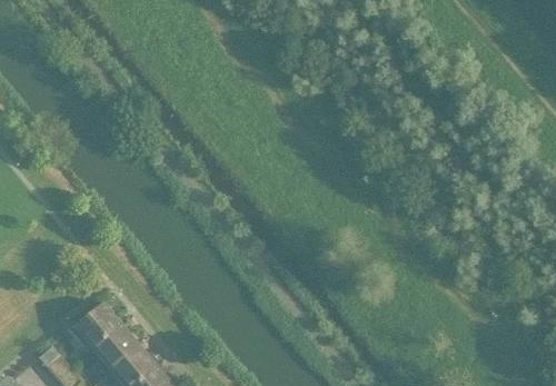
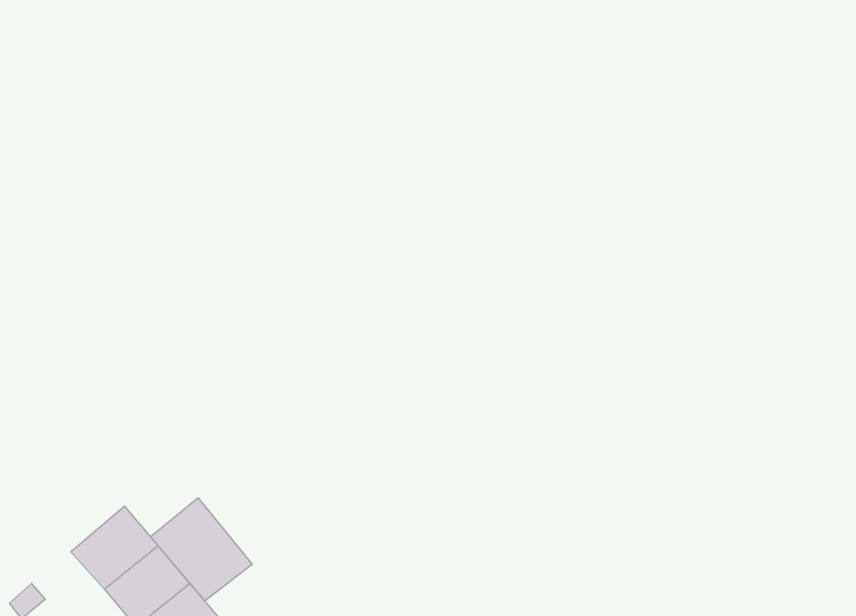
building: none -> [150,498,252,601]

